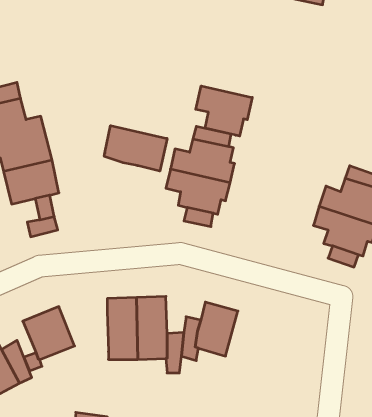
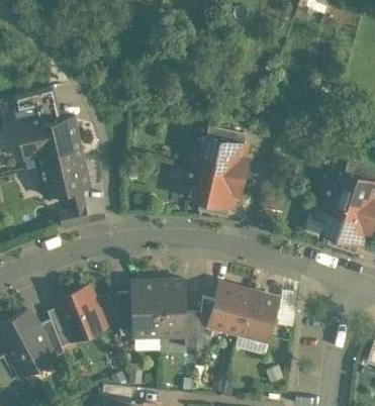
building: [196,86,252,136] -> none
building: [104,126,167,171] -> none
building: none -> [115,292,134,328]
building: none -> [240,292,280,339]

